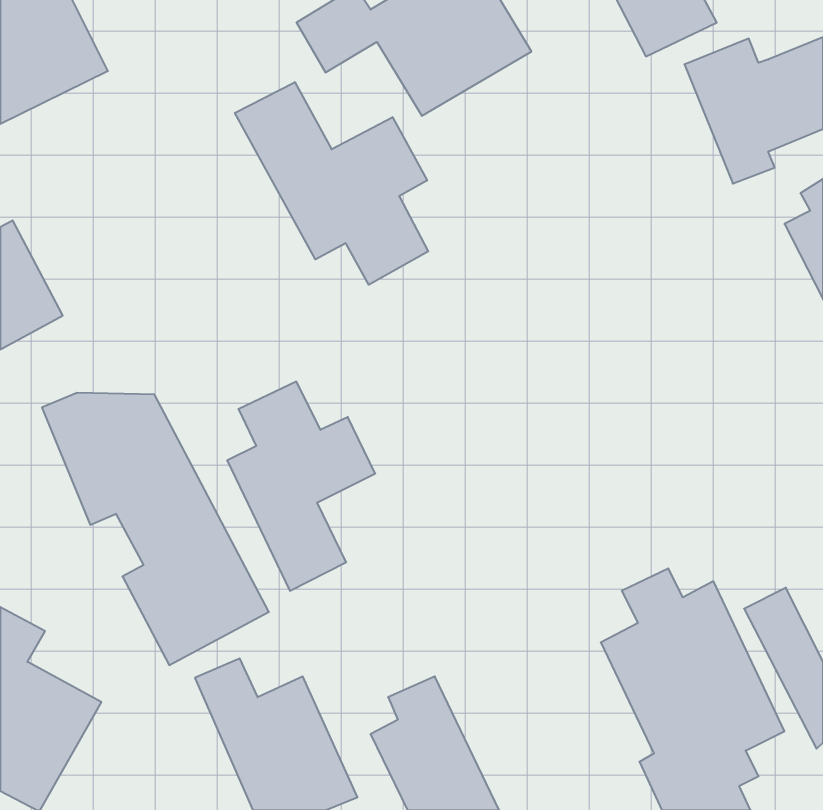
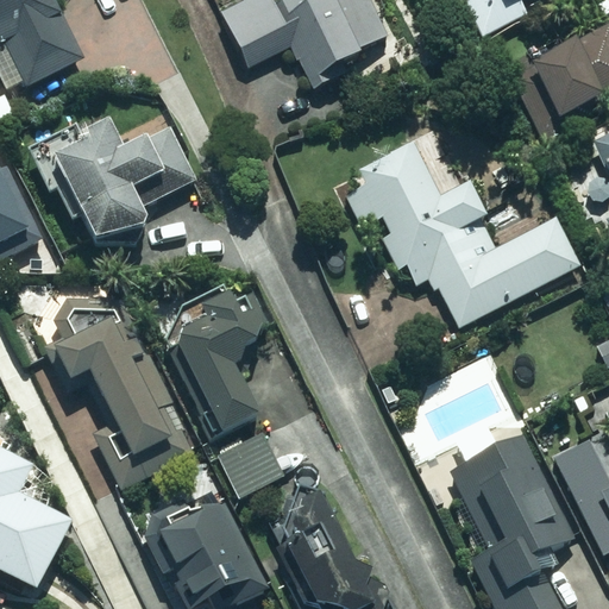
building: [235,82,428,285] -> none
building: none -> [26,123,199,251]
building: none -> [343,142,579,329]
building: none -> [214,428,281,496]

